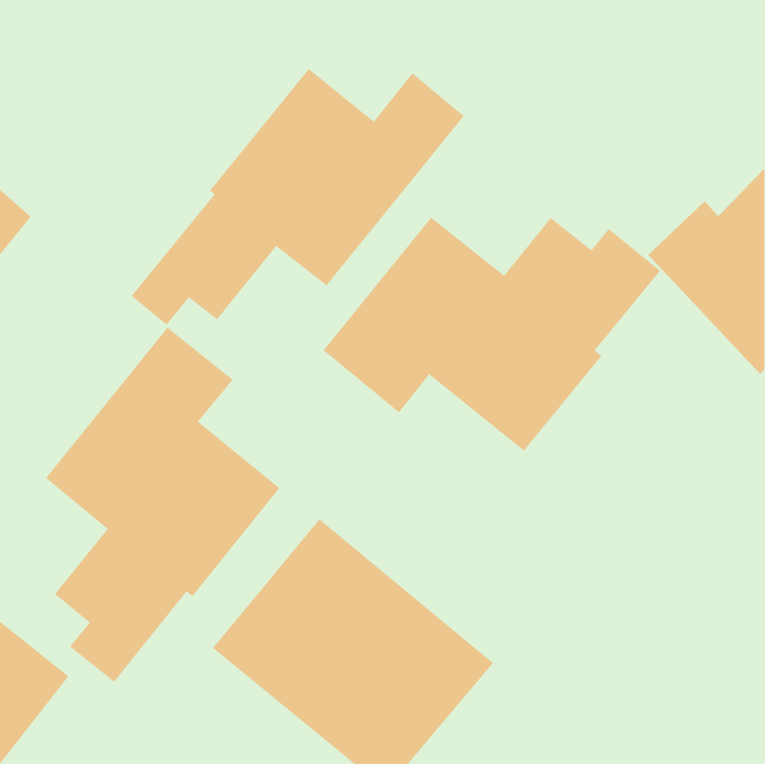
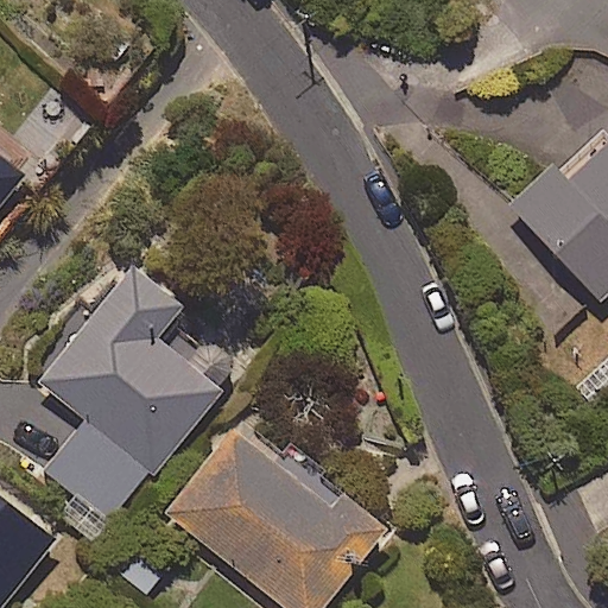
building: [131,68,465,325] -> none
building: [323,217,661,452] -> none

